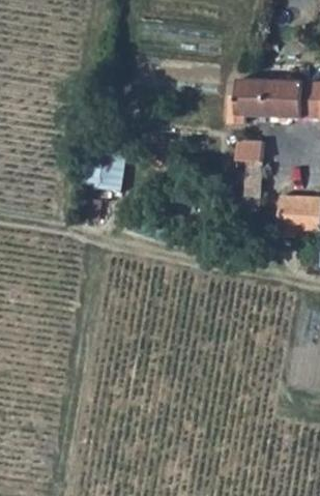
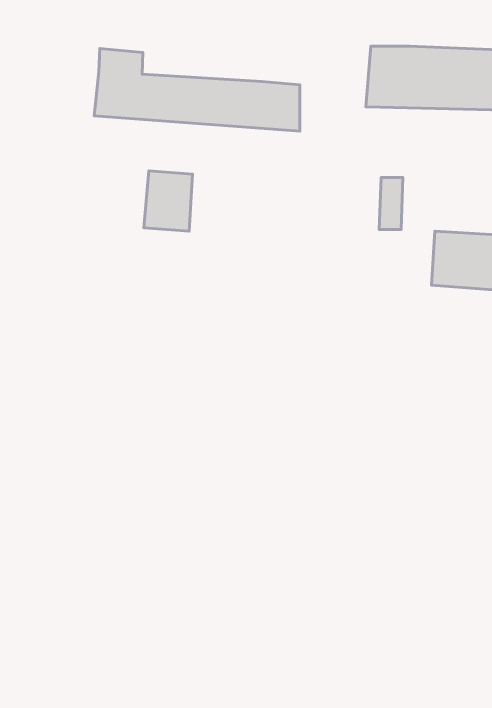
building: none -> [94,48,300,131]

